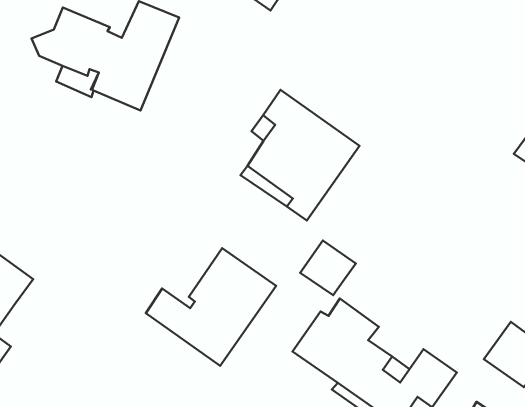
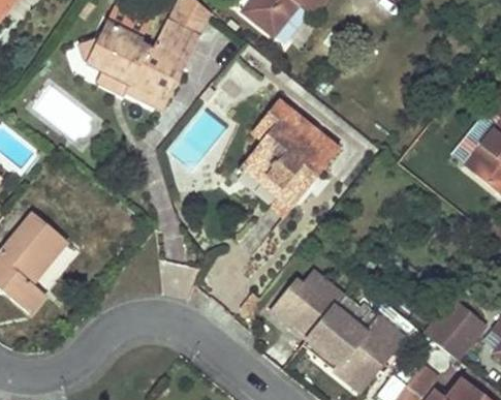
building: [300,240,356,295] -> none
building: [146,248,276,366] -> none

